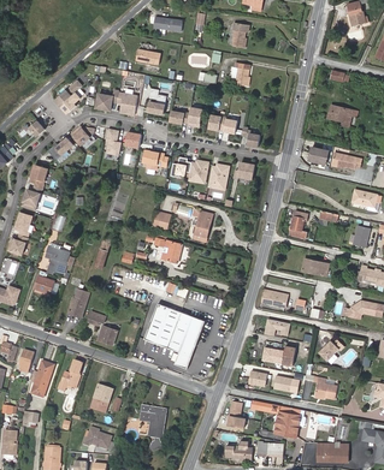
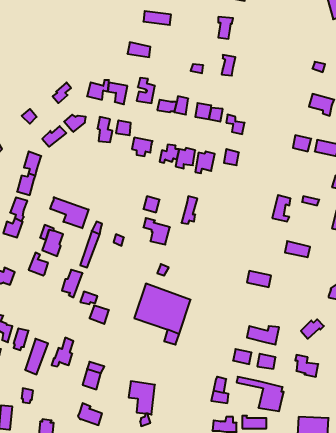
building: none -> [50,197,89,228]

